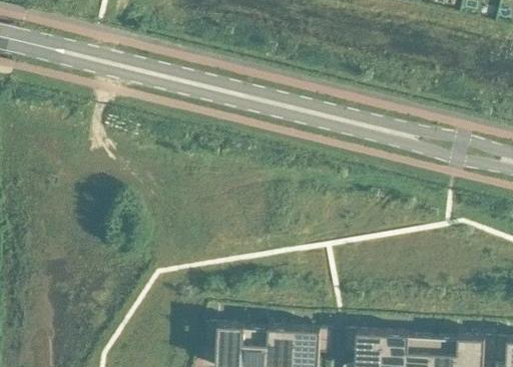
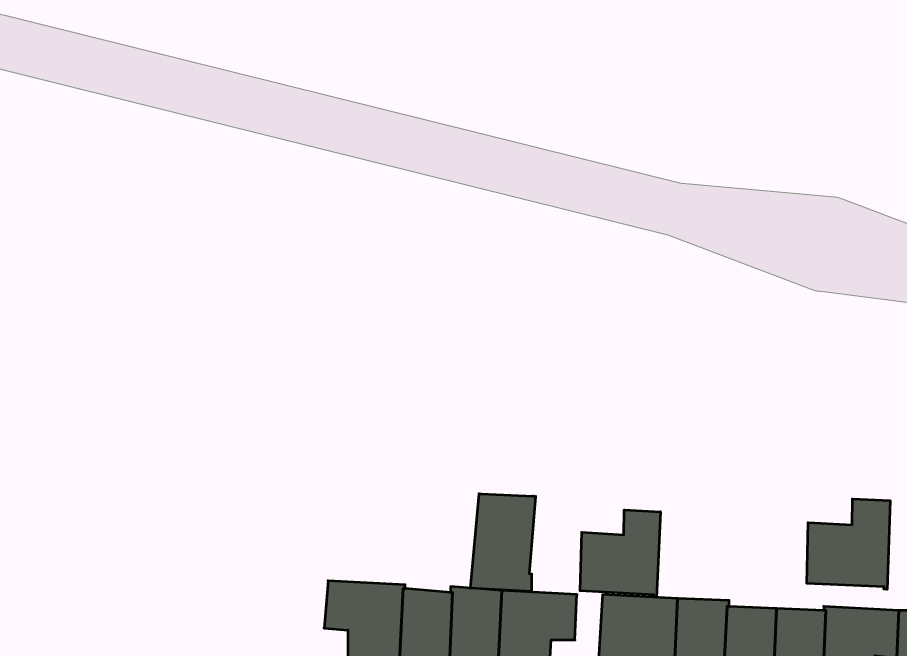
building: none -> [470,494,536,591]
building: none -> [807,499,890,589]
building: none -> [580,510,660,597]

